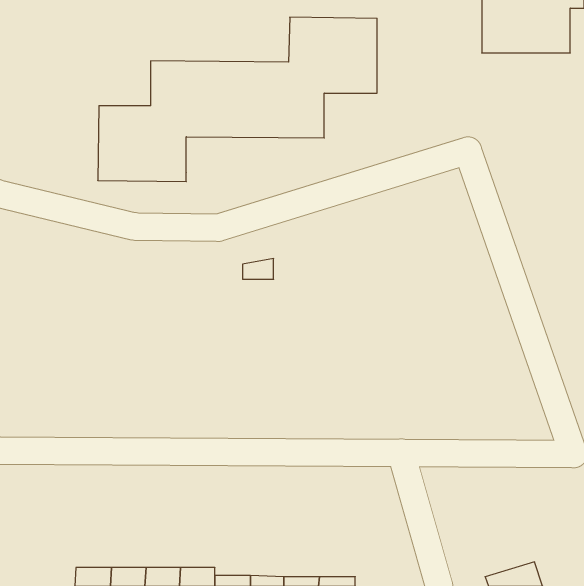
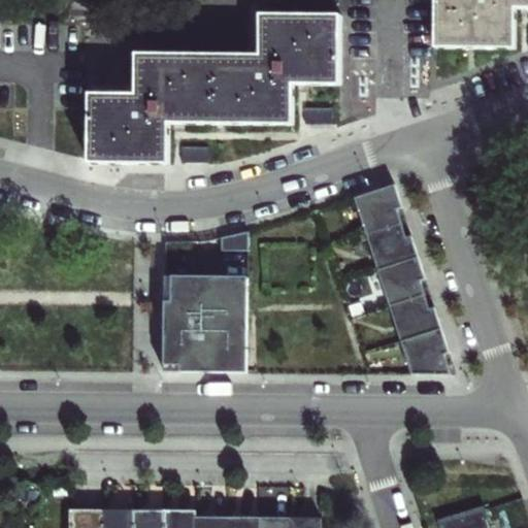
building: none -> [353,185,449,374]
building: none -> [162,276,245,372]

